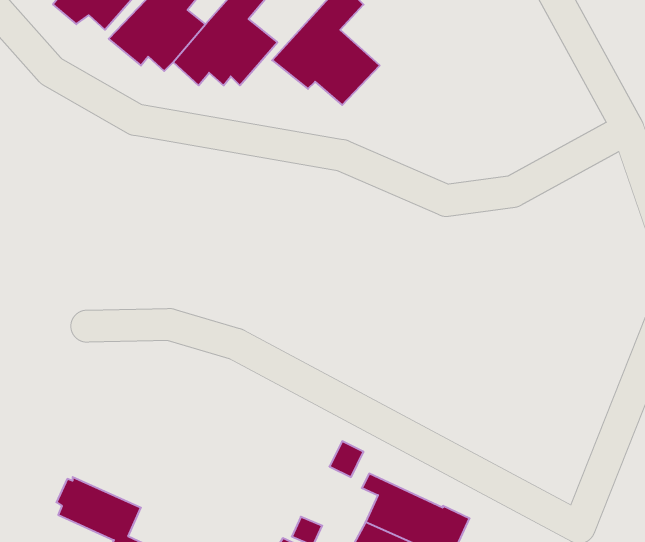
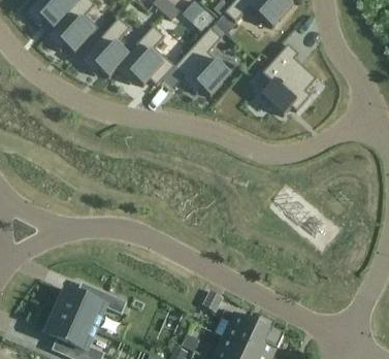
building: none -> [259,44,318,117]
building: none -> [54,290,128,329]

